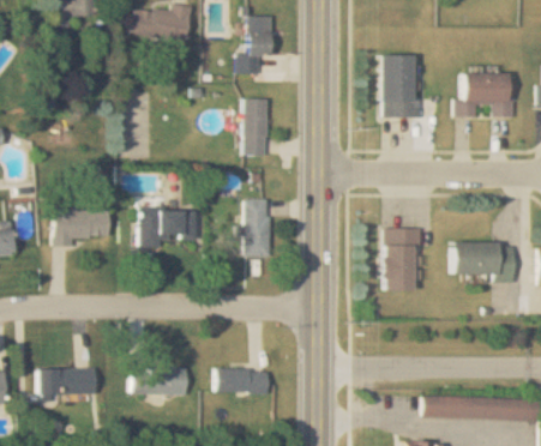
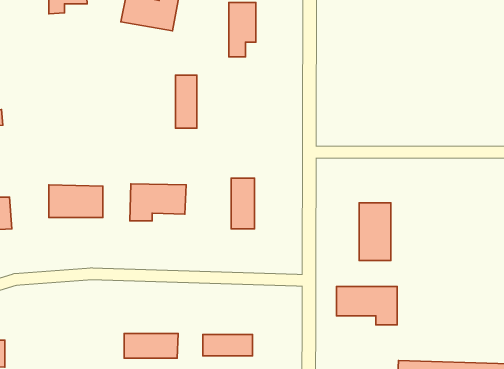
building: [381,54,417,116] -> none
building: [461,72,515,115] -> none
building: [245,98,268,155] -> [175,75,197,128]
building: [452,242,517,283] -> [336,287,397,325]
building: [37,368,96,396] -> none

